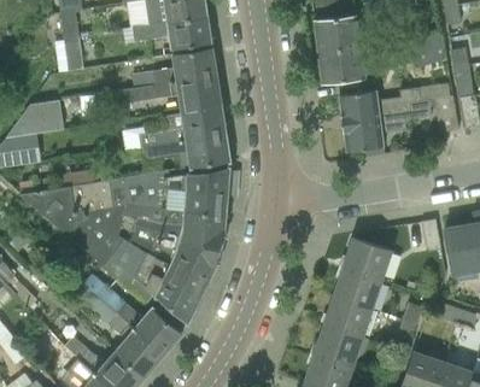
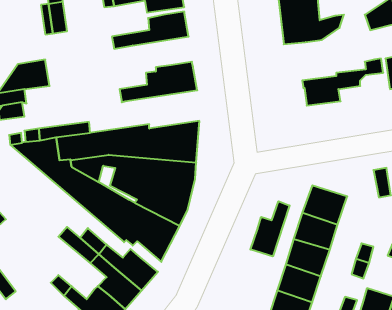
building: [123,75,221,109] -> none
building: [340,87,422,123] -> none
building: [144,134,230,169] -> none
building: none -> [250,201,290,256]

